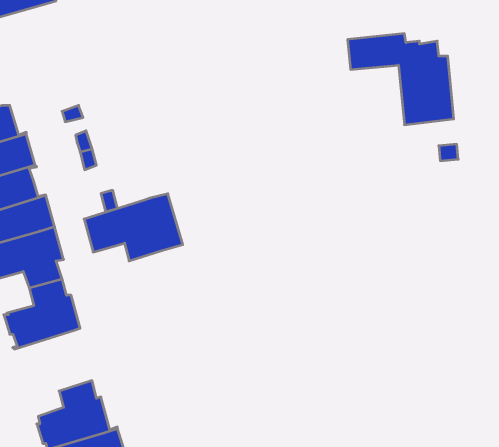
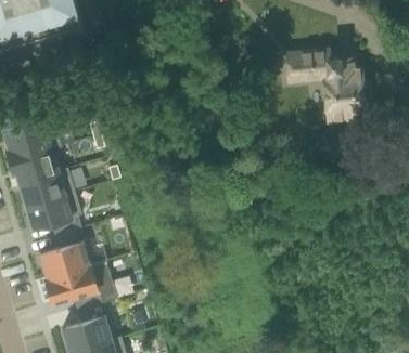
building: [84,194,183,261] -> [44,261,116,310]

